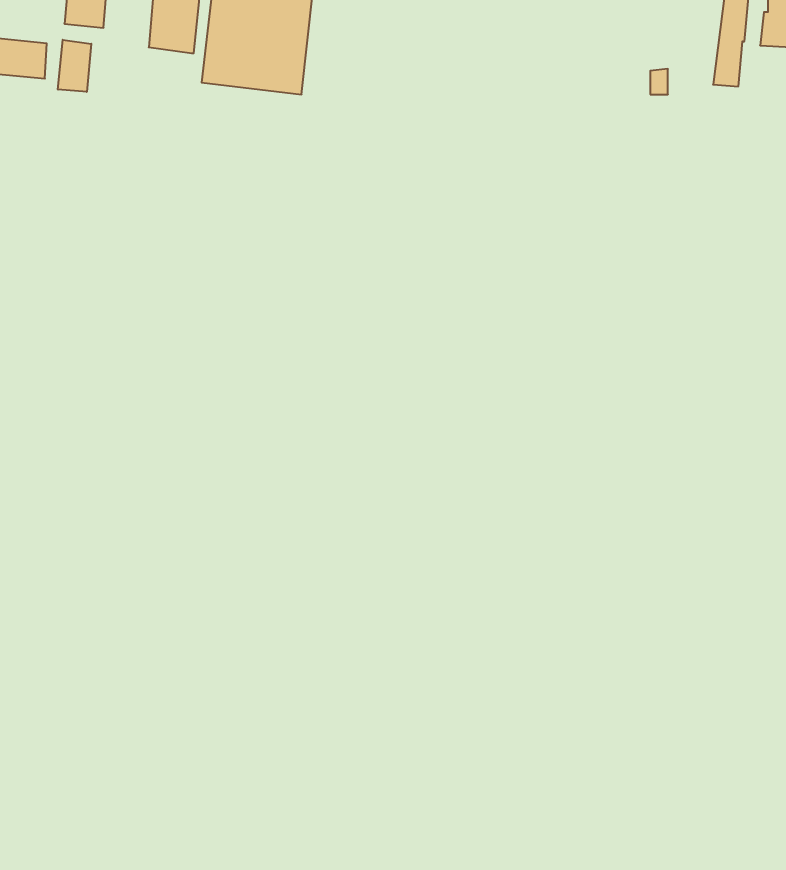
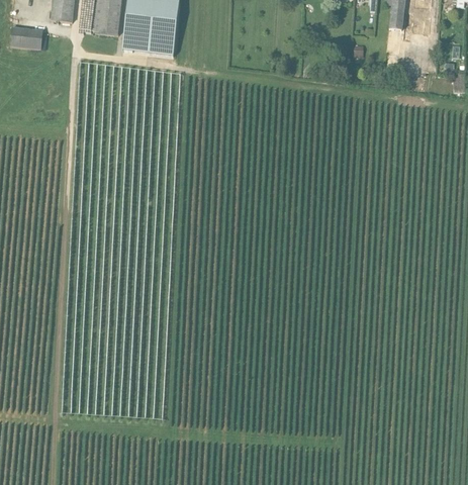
building: [58,40,91,92] -> none

